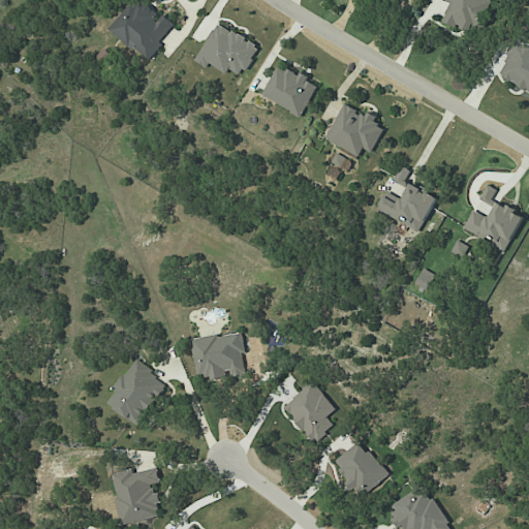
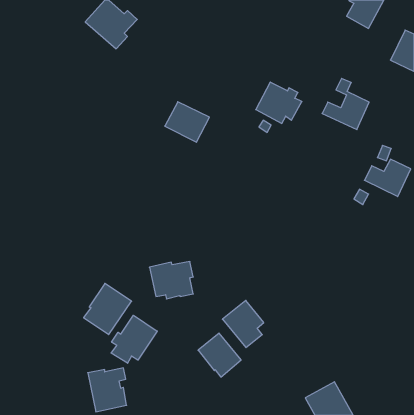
building: [194,23,259,76] -> none
building: [261,65,318,117] -> [165,102,209,142]
building: [376,166,436,231] -> [322,78,369,130]
building: none -> [111,315,157,363]
building: [333,441,387,497] -> [198,333,241,377]

